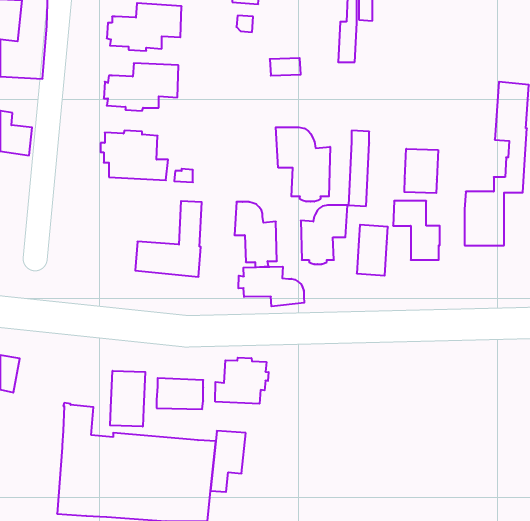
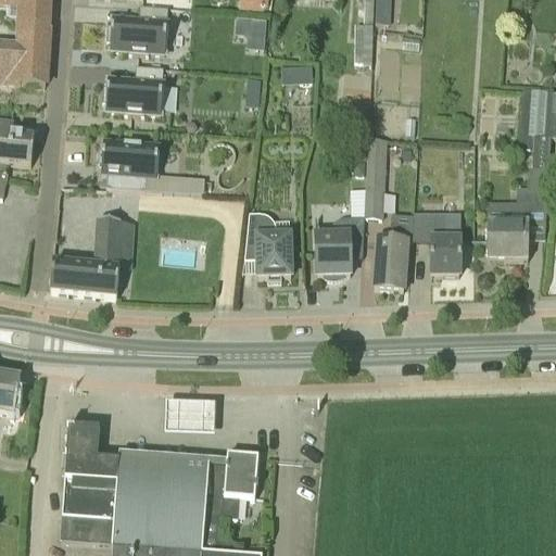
building: [276,127,330,202] -> none
building: [404,149,438,193] -> none
building: [135,201,202,277] -> [50,217,119,296]
building: [238,267,304,306] -> none
building: [215,358,269,404] -> none
building: [110,371,145,427] -> none

